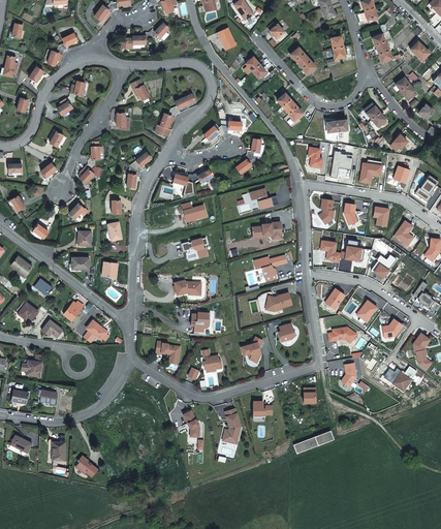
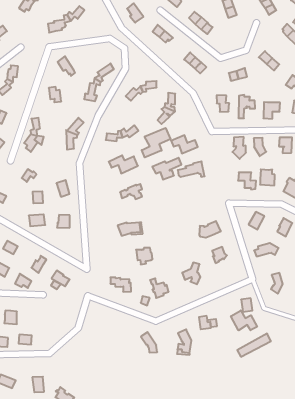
building: none -> [142,128,170,157]
building: [253,254,287,277] -> [152,158,181,180]
building: none -> [231,310,257,330]

